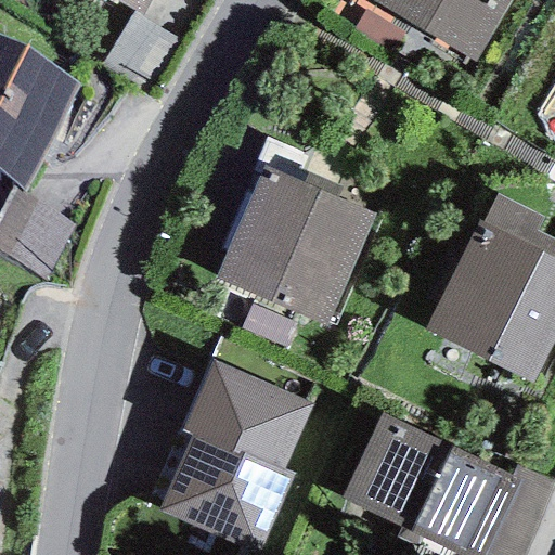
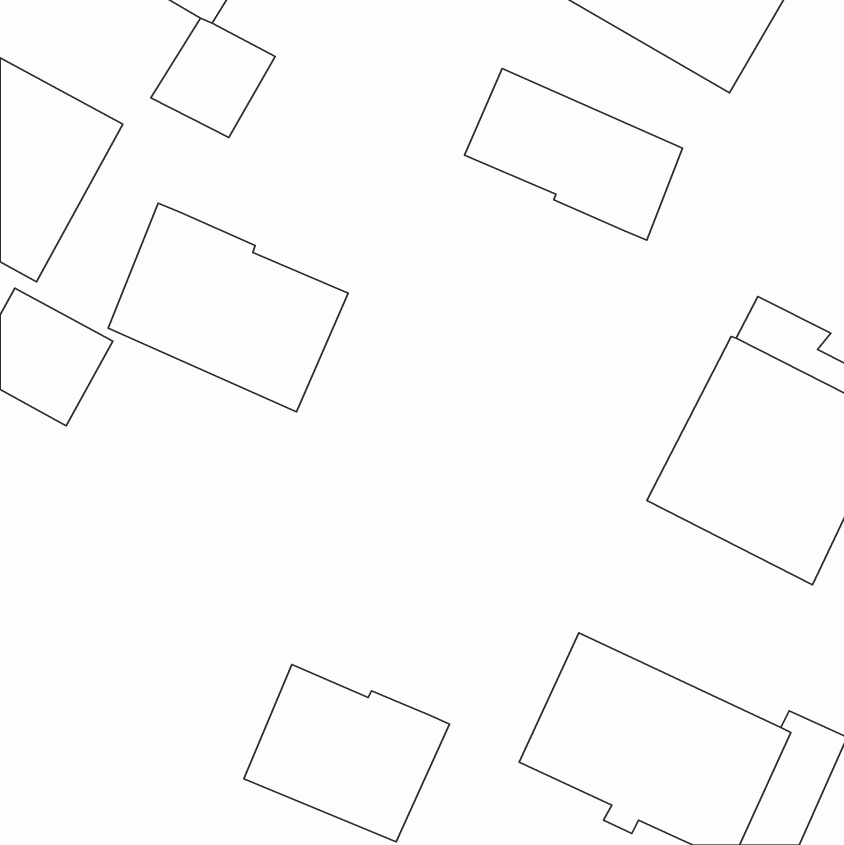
building: none -> [464,68,682,240]
building: none -> [108,203,348,412]
building: [216,165,376,324] -> none
building: [182,360,312,468] -> none

